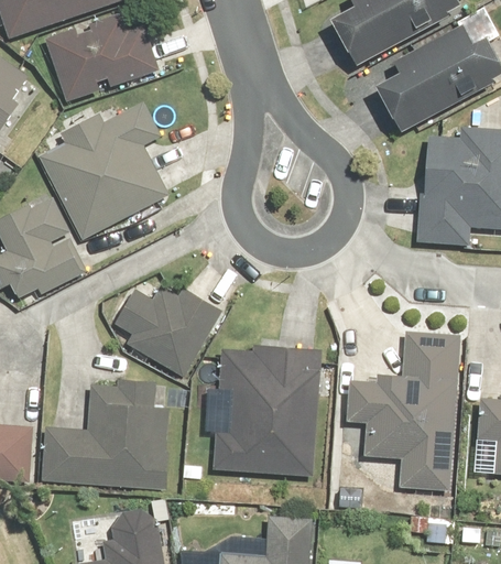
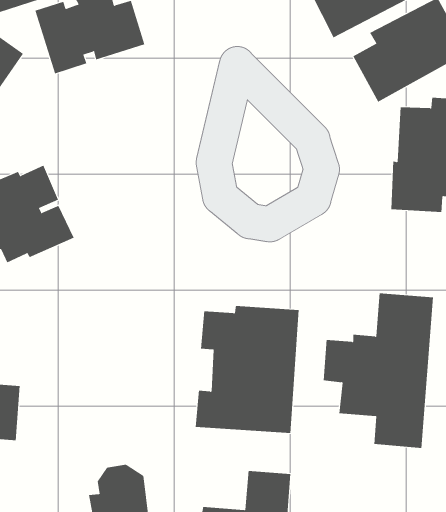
building: [37,101,168,240] -> none
building: [112,285,222,378] -> none
building: [40,378,171,491] -> none

